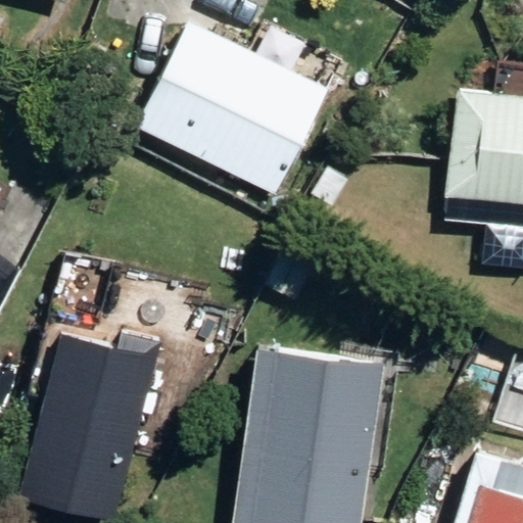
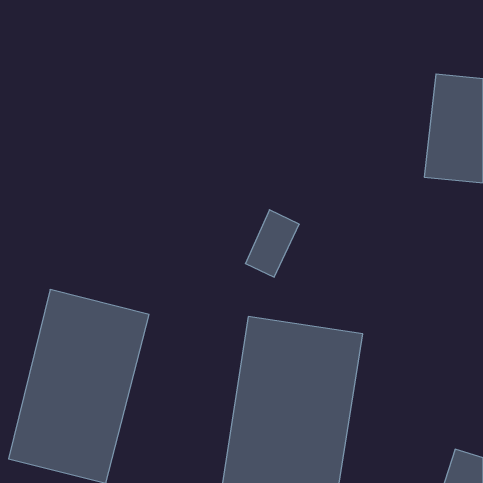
building: [138,21,330,198] -> none

